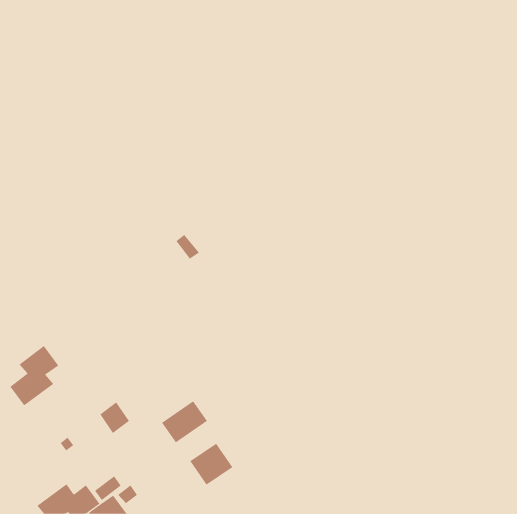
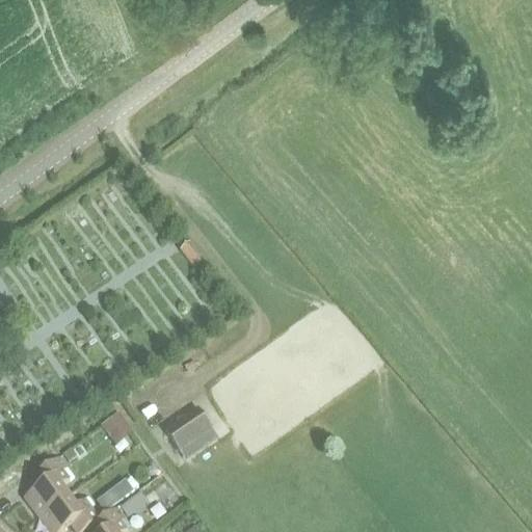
building: [10,345,59,406] -> [24,456,75,518]
building: [190,443,233,486] -> none

